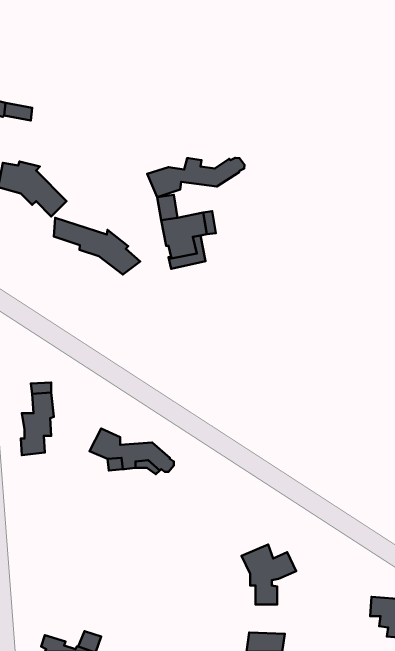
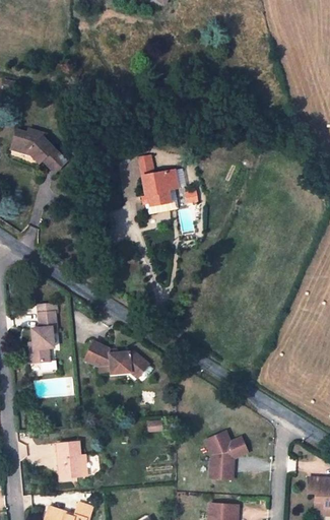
building: [147,158,245,197] -> none
building: [54,218,140,274] -> none
building: none -> [57,442,81,477]

